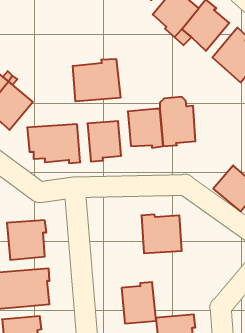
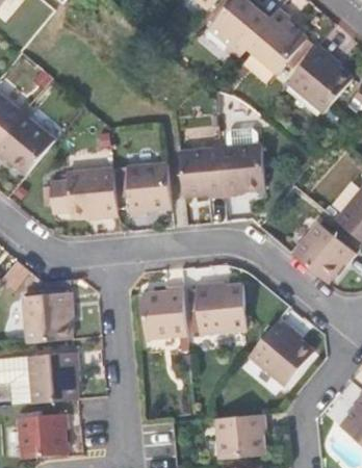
building: [73,59,120,101] -> none
building: none -> [248,317,310,382]
building: [122,282,156,323] -> [141,286,186,339]

